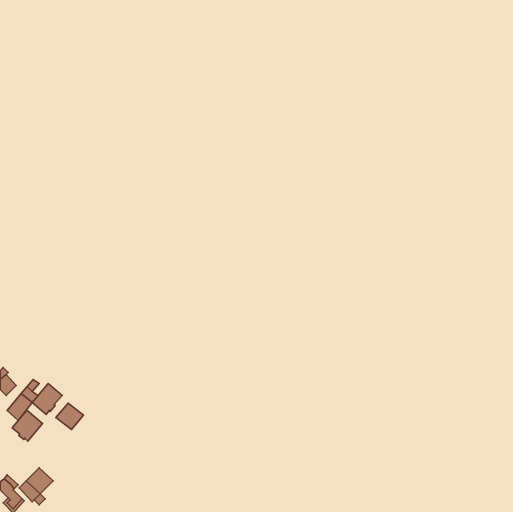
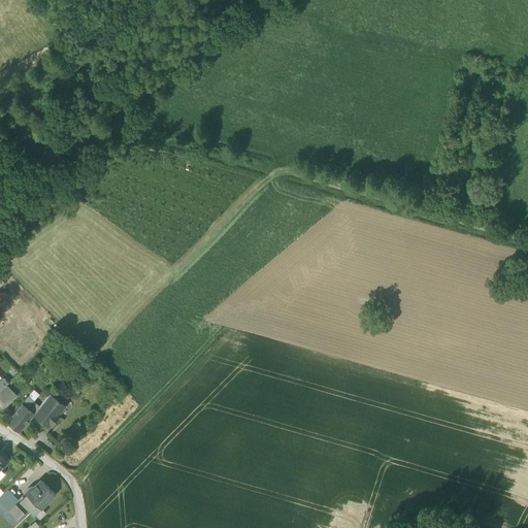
building: [56,403,84,430] -> none
building: [12,410,42,441] -> none

